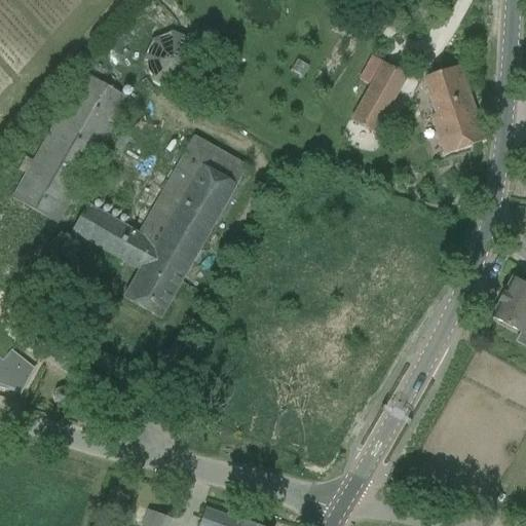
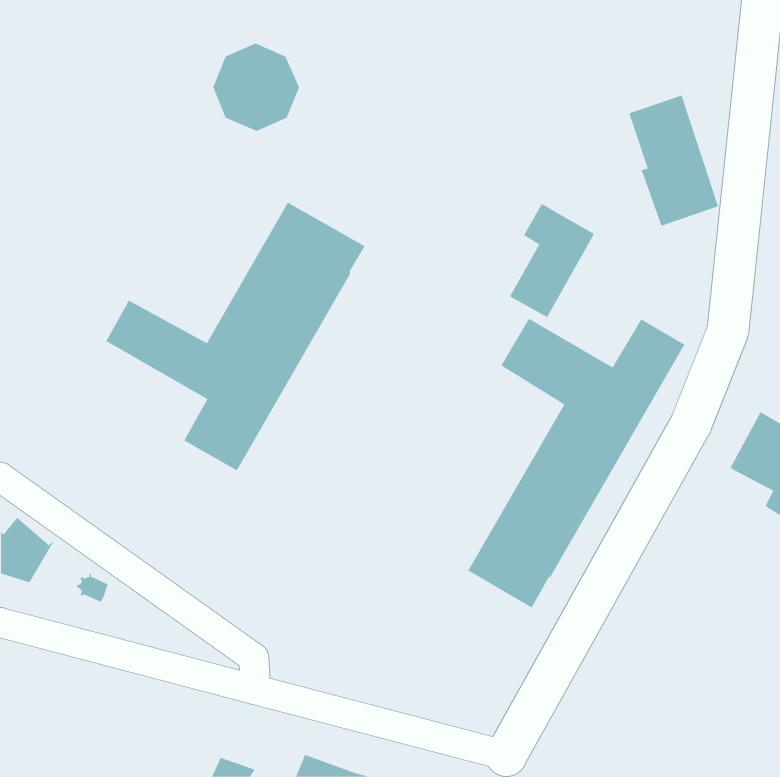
building: [350,54,408,132] -> [509,203,595,318]
building: [12,72,128,222] -> none
building: none -> [468,318,685,609]

